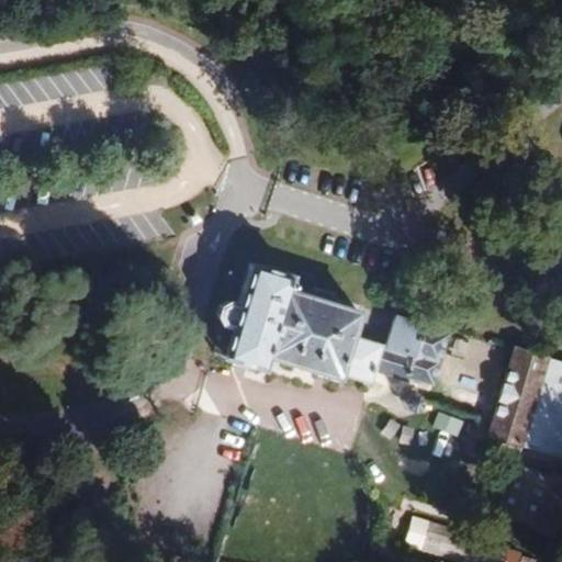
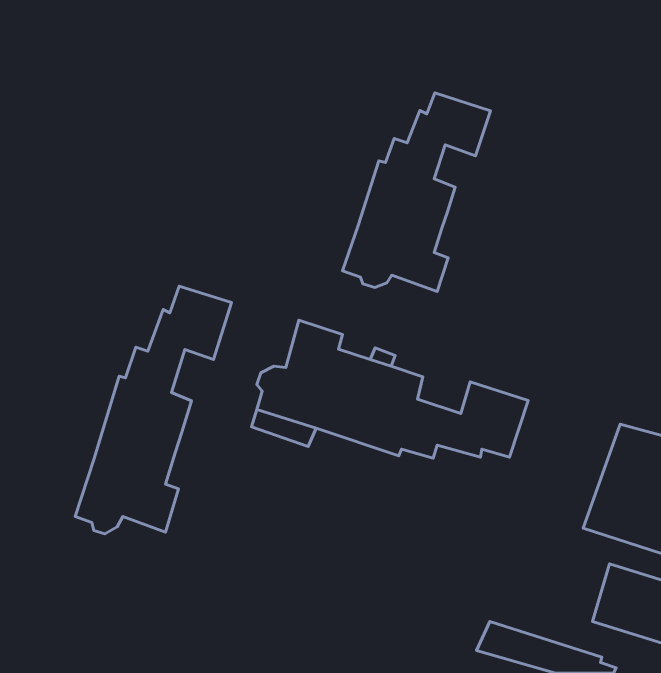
building: none -> [343,93,490,292]
building: none -> [75,286,232,534]

